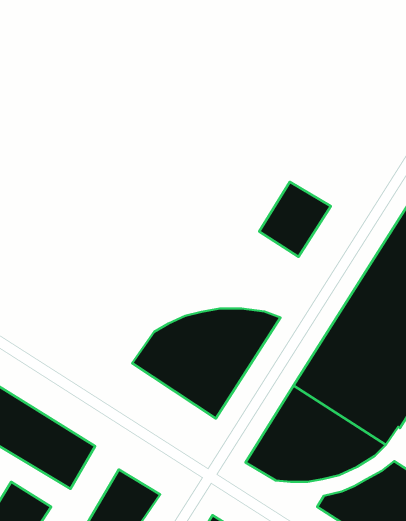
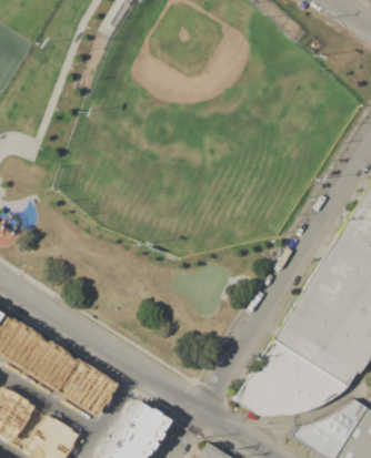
building: [259,182,331,257] -> none
building: [132,308,281,419] -> none

